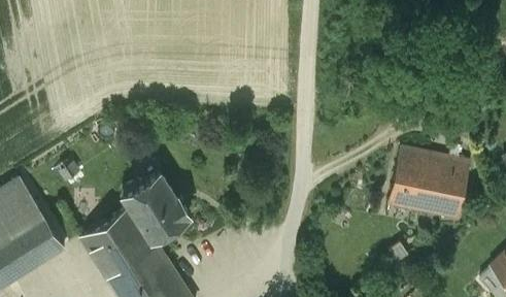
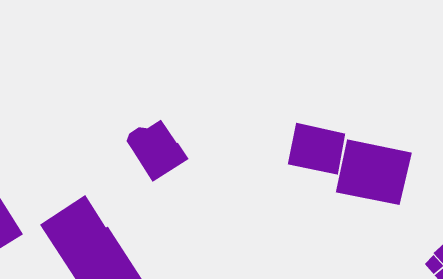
building: none -> [287,122,346,176]
building: [123,173,190,240] -> [126,118,190,183]

